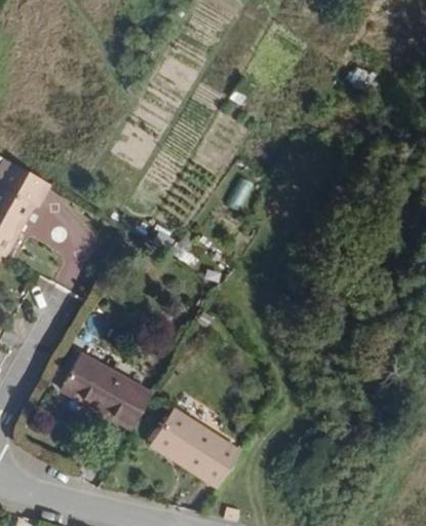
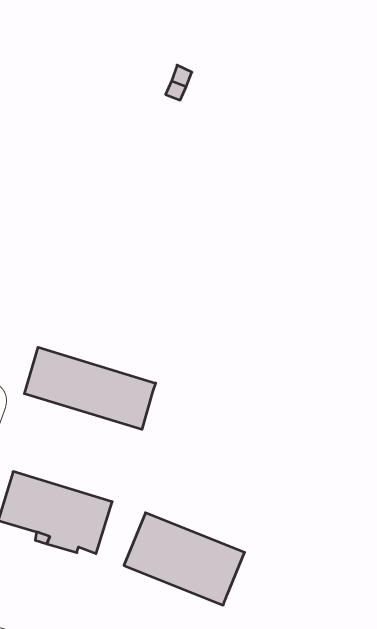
building: none -> [24,347,156,429]

